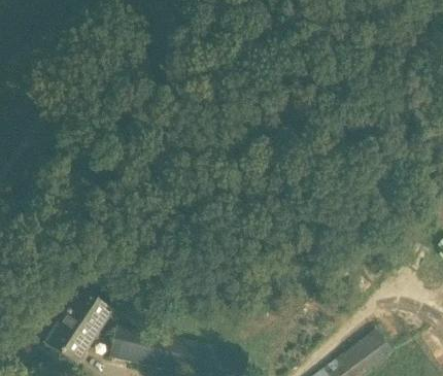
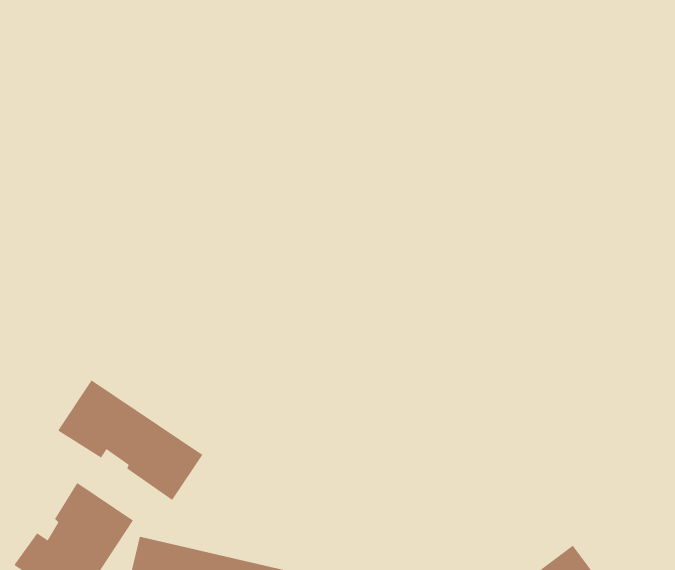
building: none -> [58,380,203,501]

